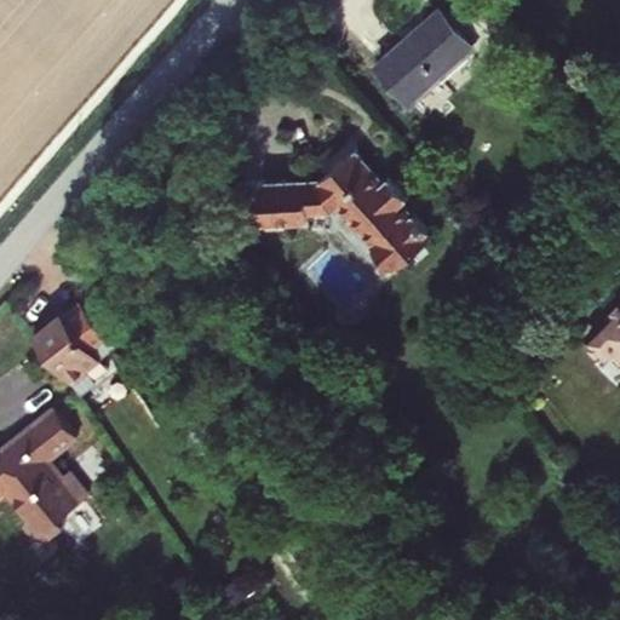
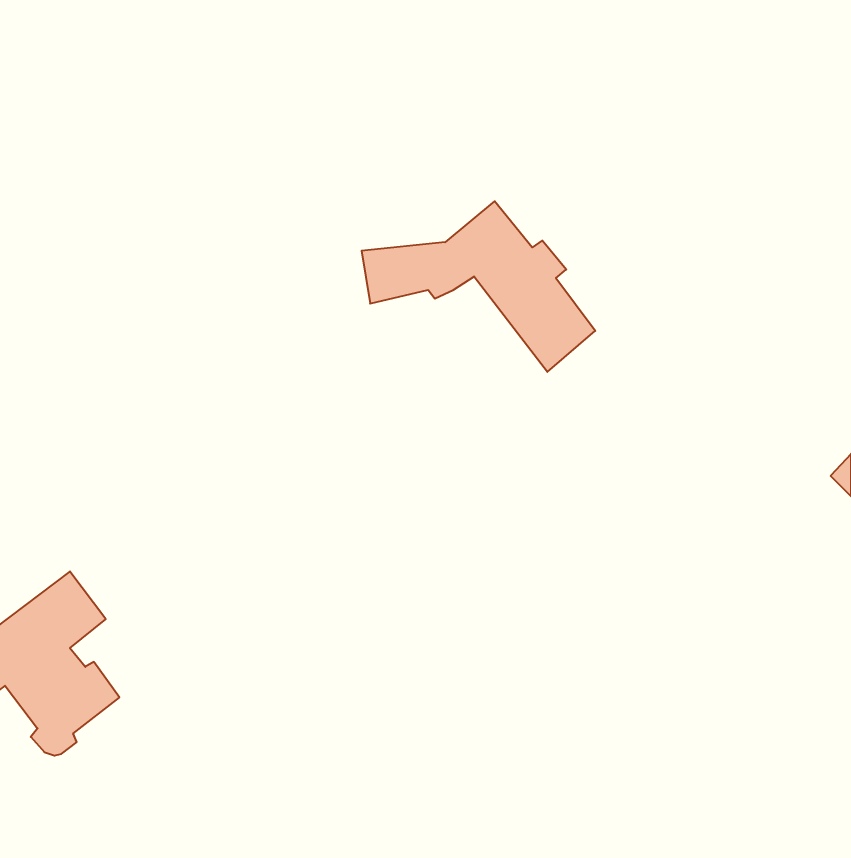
building: [374,15,465,101] -> none
building: [34,308,114,397] -> none

